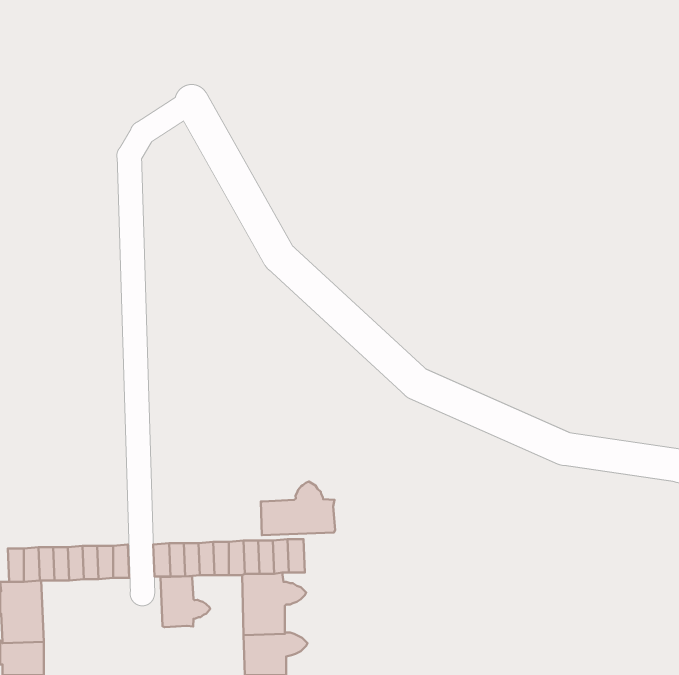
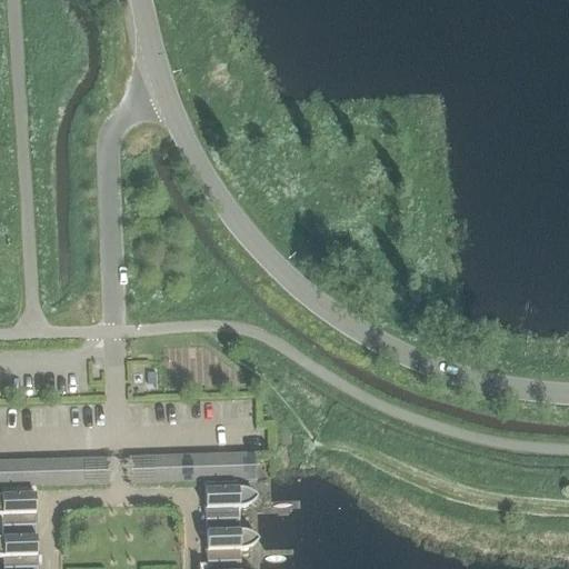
building: [261,482,335,535] -> none
building: [160,576,210,627] -> none

